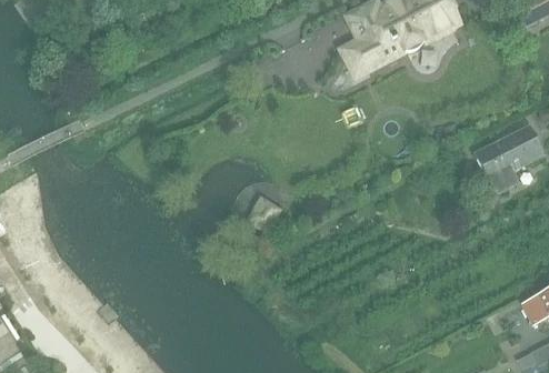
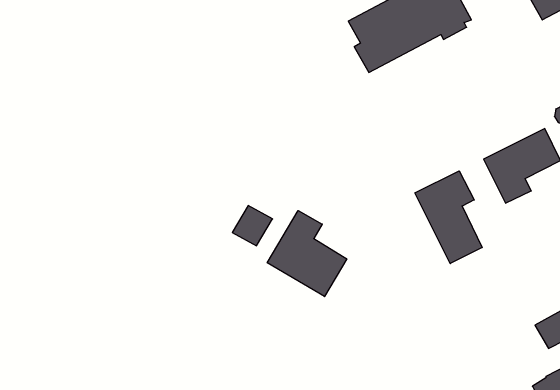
building: none -> [415,171,482,264]
building: none -> [267,211,347,297]

